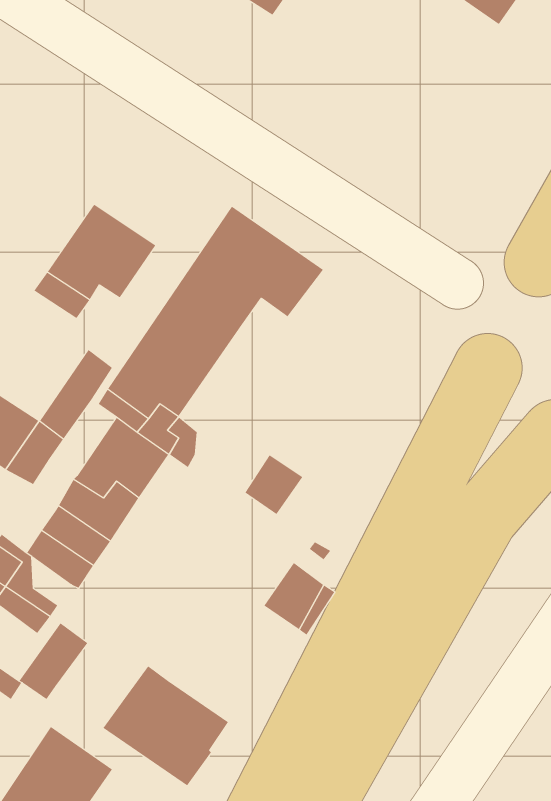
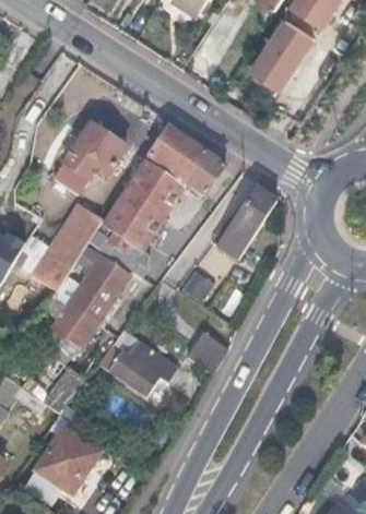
building: none -> [249,14,318,91]
building: none -> [219,187,278,260]
building: [103,666,229,786] -> [98,328,172,398]

